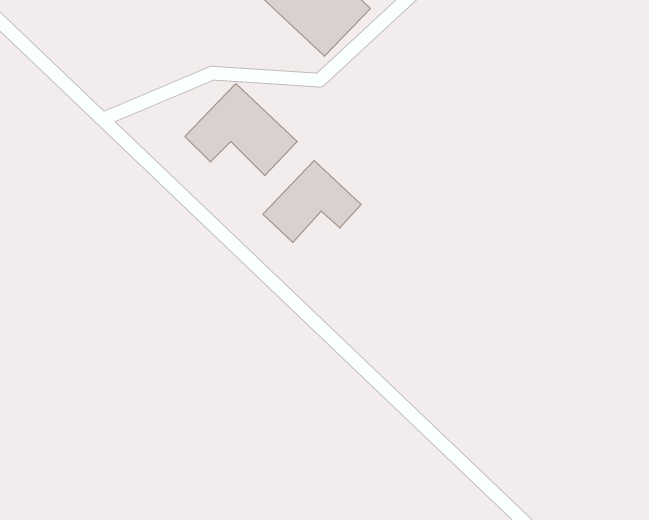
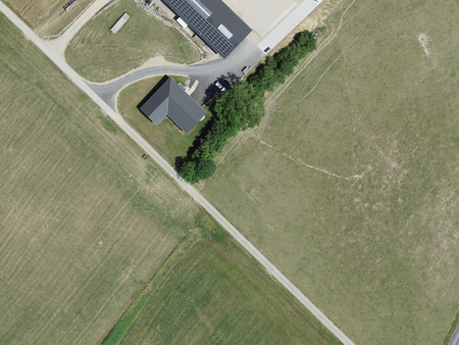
building: [263,161,361,242] -> none

